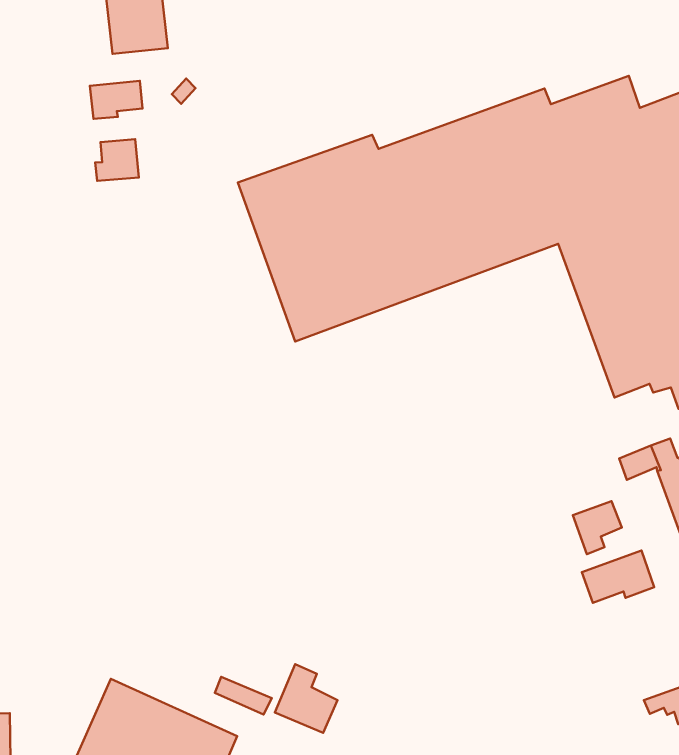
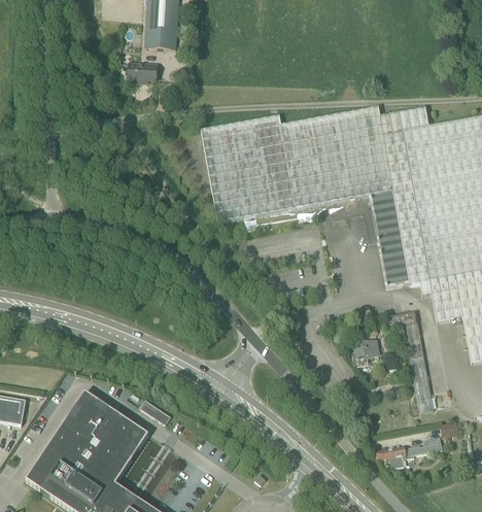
building: [95,139,139,181] -> none
building: [582,550,654,603] -> none
building: [275,664,338,733] -> none

